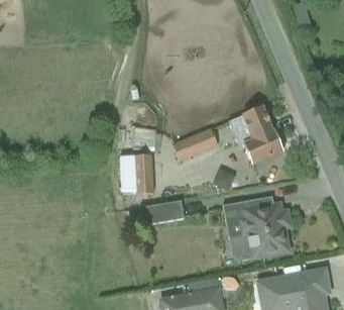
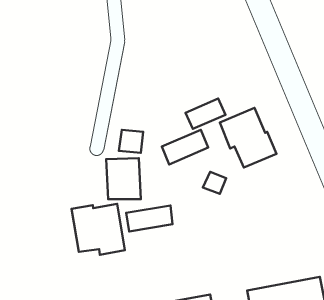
building: none -> [186,99,225,129]
building: [223,196,292,262] -> none
building: none -> [71,204,125,255]

